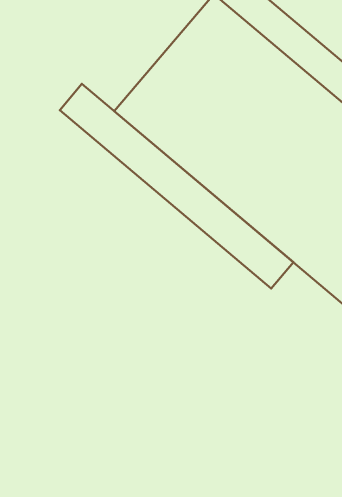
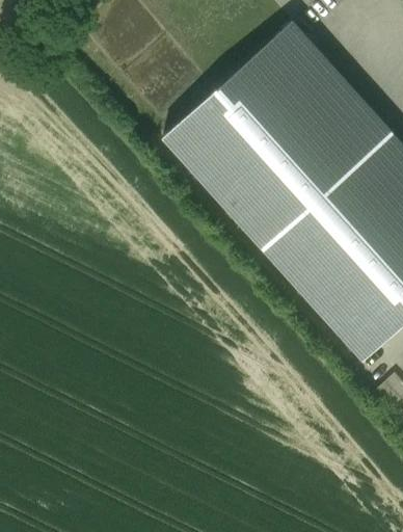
building: [60,84,293,288] -> none

